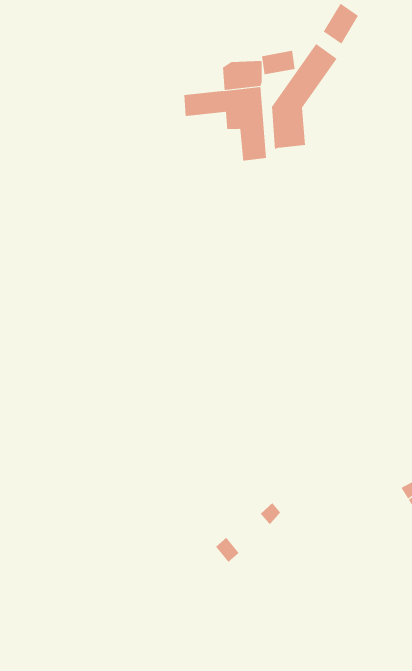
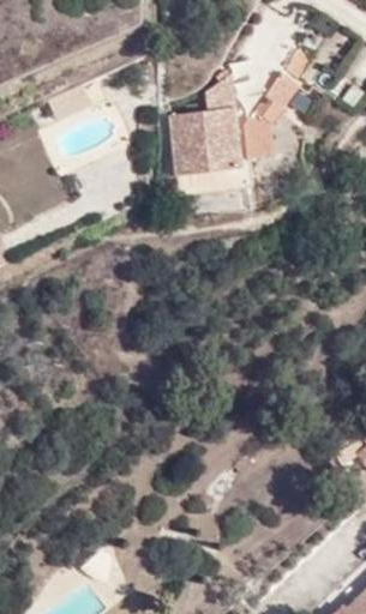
building: none -> [170,131,218,176]

